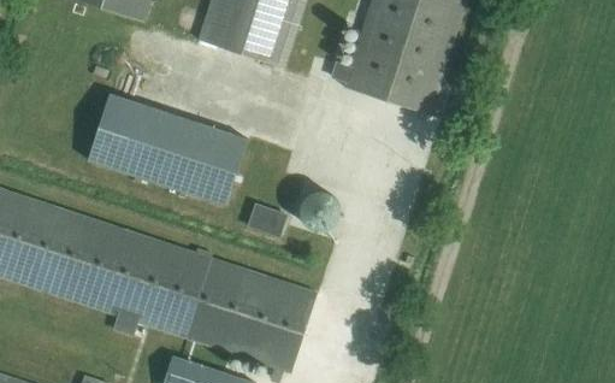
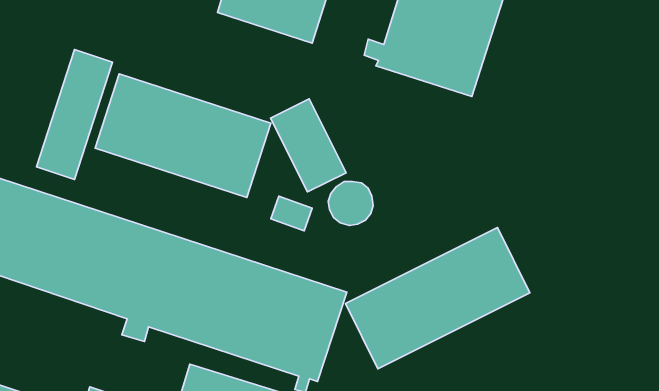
building: none -> [36,50,112,179]
building: none -> [271,99,346,192]
building: none -> [345,227,530,369]

